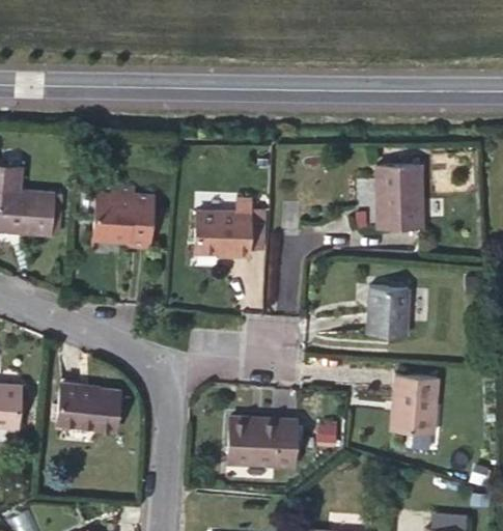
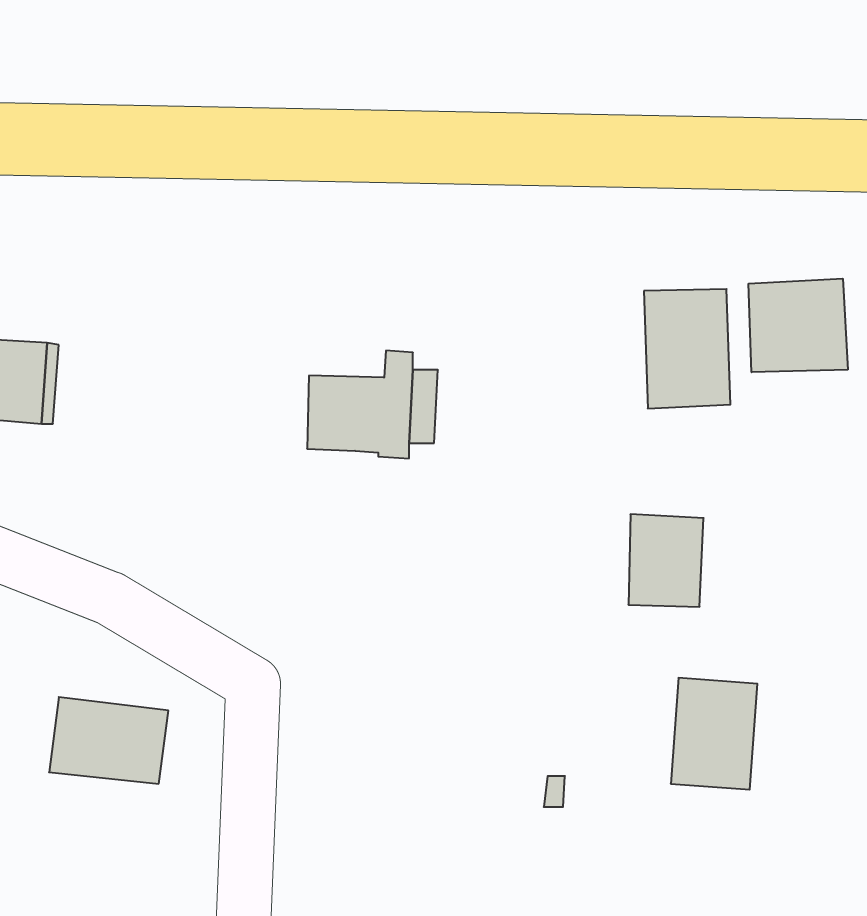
building: none -> [749,279,848,372]
building: [92,187,155,249] -> none
building: [227,418,296,468] -> none

